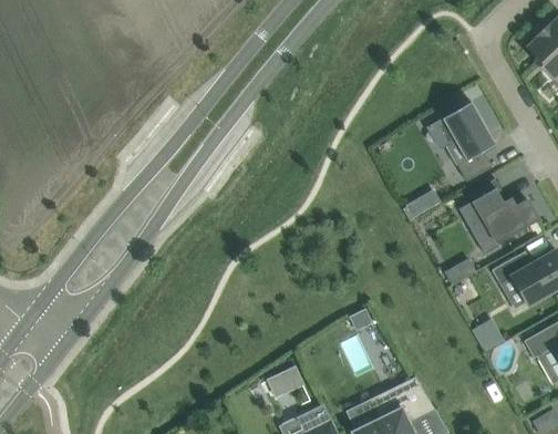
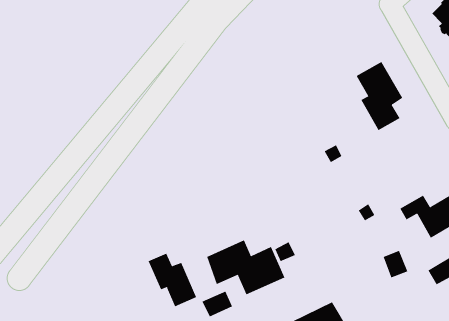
building: [468,178,538,255] -> none
building: none -> [206,239,285,295]
building: none -> [148,253,197,307]

